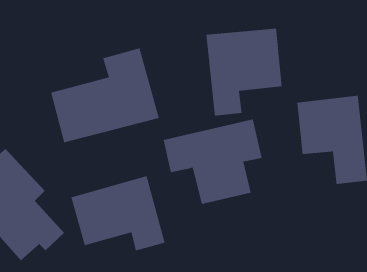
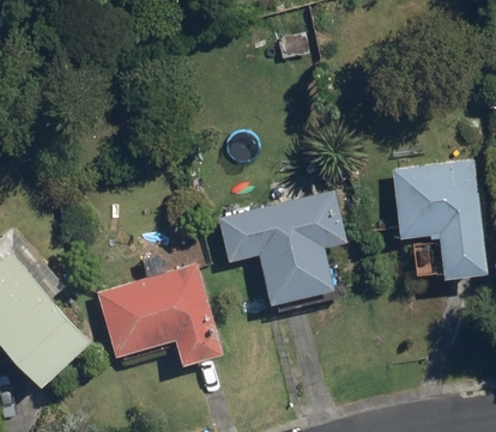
building: [206,28,282,116] -> none
building: [51,48,159,143] -> none

